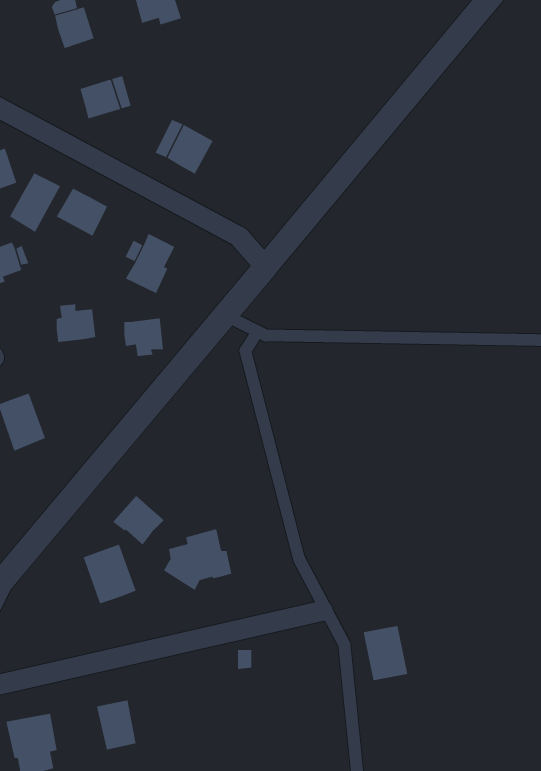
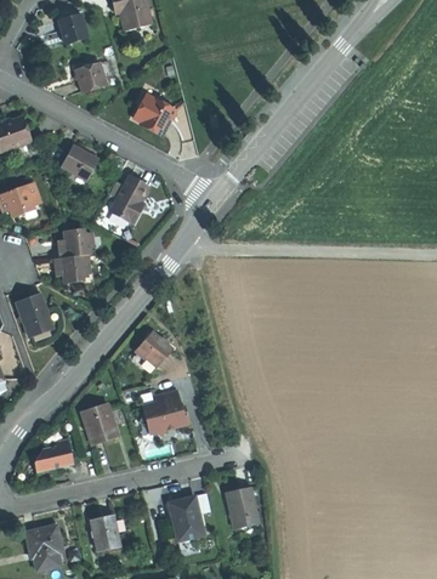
building: [9,173,61,233] -> none
building: [123,318,164,357] -> [55,254,84,282]
building: [113,495,165,545] -> [134,331,171,368]
building: none -> [32,439,70,472]
building: [363,625,408,681] -> [225,488,257,528]
building: none -> [169,496,203,540]

